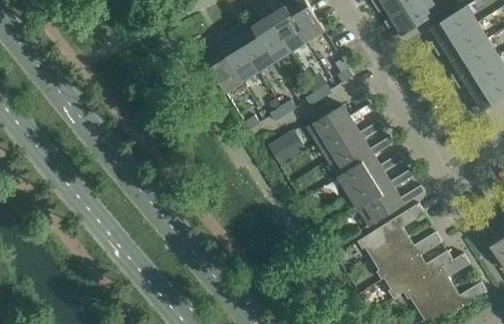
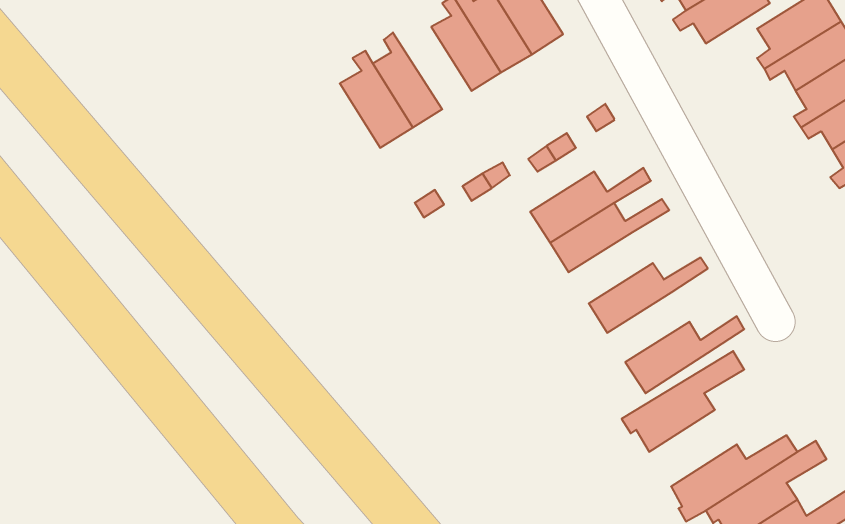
building: [232,24,275,70] -> none
building: [268,129,306,166] -> none
building: [328,135,394,177] -> none
building: [349,168,415,209] -> none
building: [372,231,443,278] -> none

